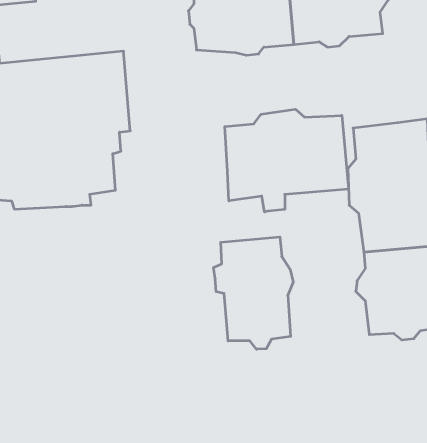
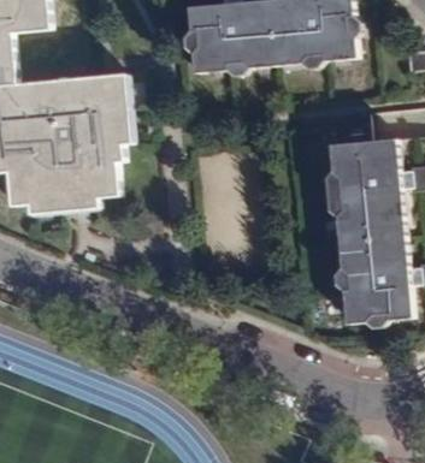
building: [225,109,348,212] -> none
building: [214,237,293,349] -> none

